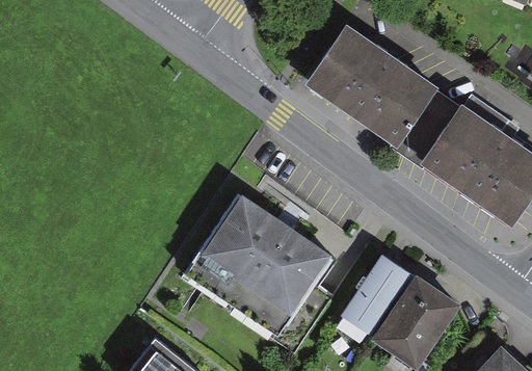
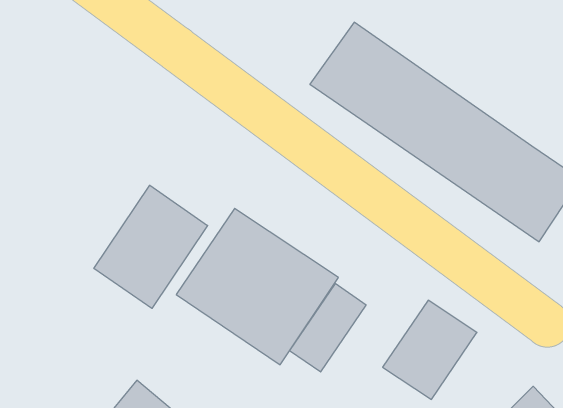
building: none -> [94,185,208,308]
building: [345,256,411,333] -> [290,284,366,372]

